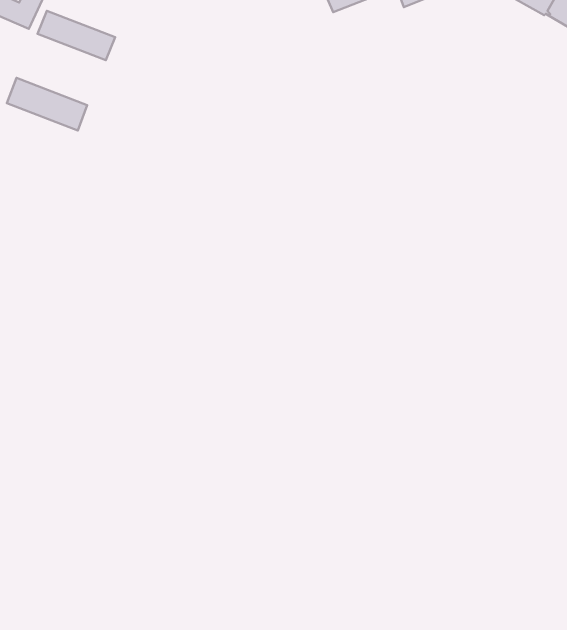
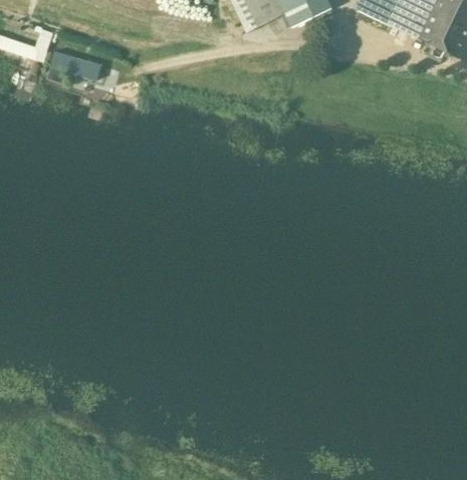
building: [7,78,87,131] -> none

